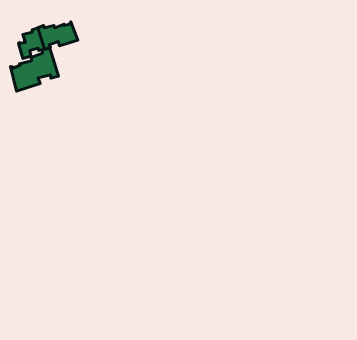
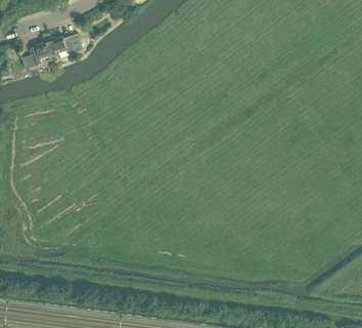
building: [10,48,59,91] -> none

